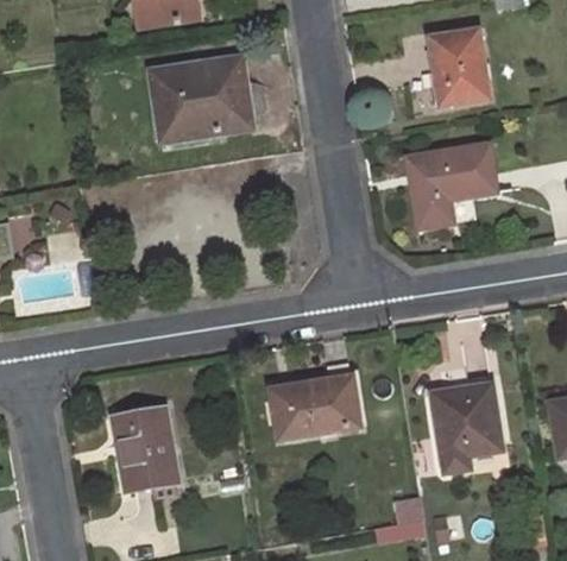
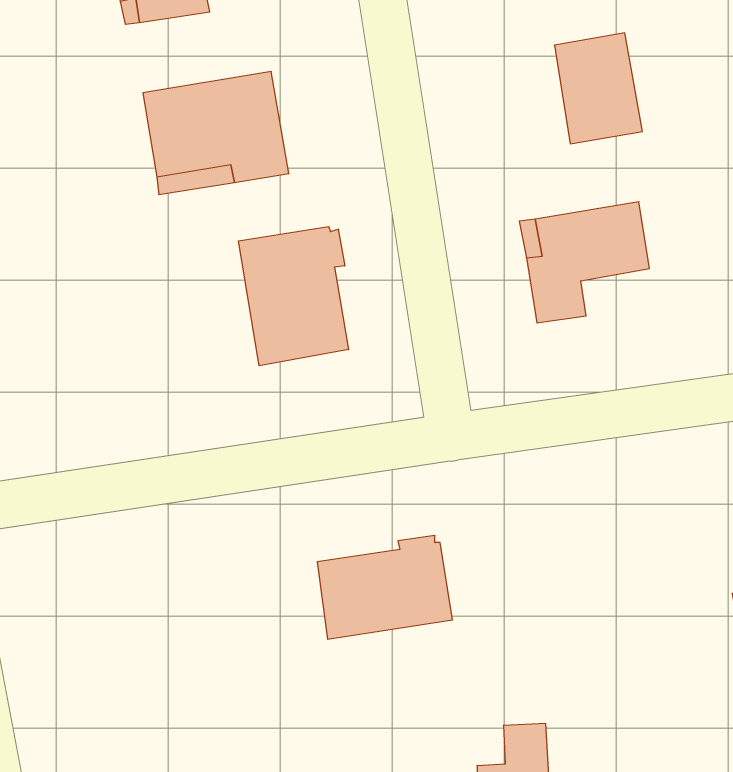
building: none -> [239,227,349,366]
building: [430,383,502,473] -> none
building: [112,408,177,497] -> none

